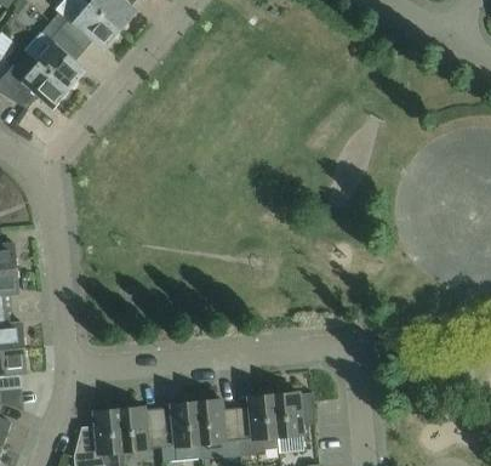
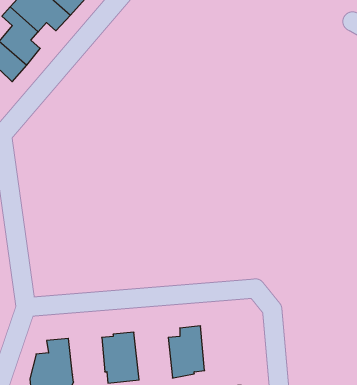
building: [272,392,315,447] -> none
building: [194,399,239,458] -> none
building: [118,407,160,451] -> none

